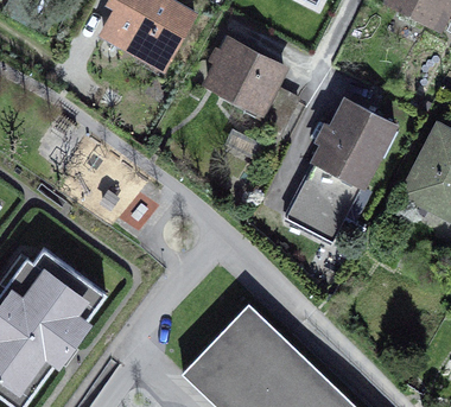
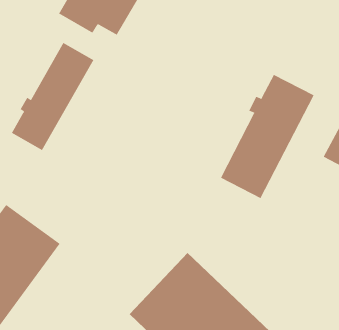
building: [208,39,298,132] -> none
building: none -> [11,42,94,151]

